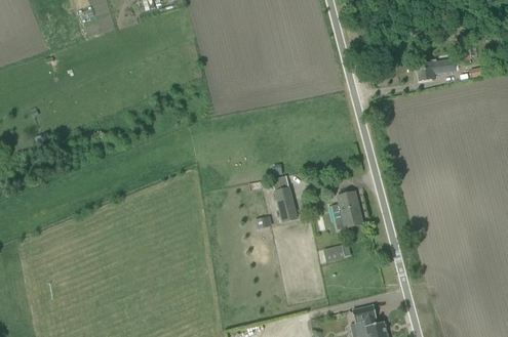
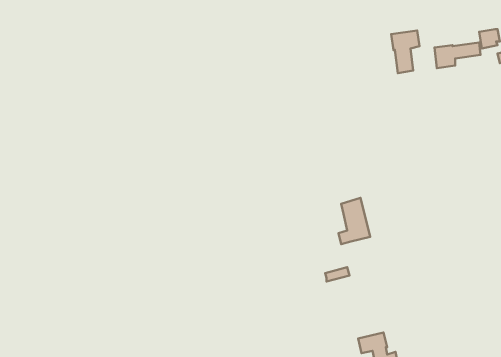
building: none -> [391,30,419,73]
building: [272,175,297,222] -> none

